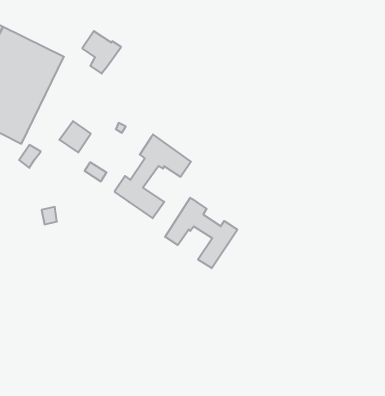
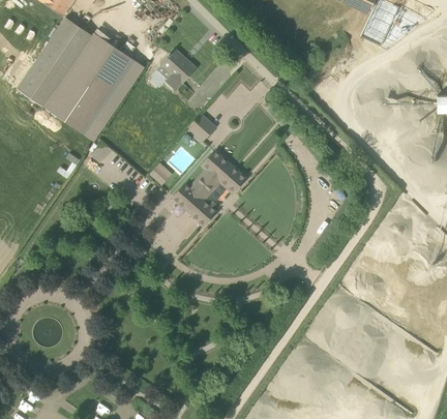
building: [59,121,91,152] -> [186,114,215,143]
building: [165,198,237,268] -> none

